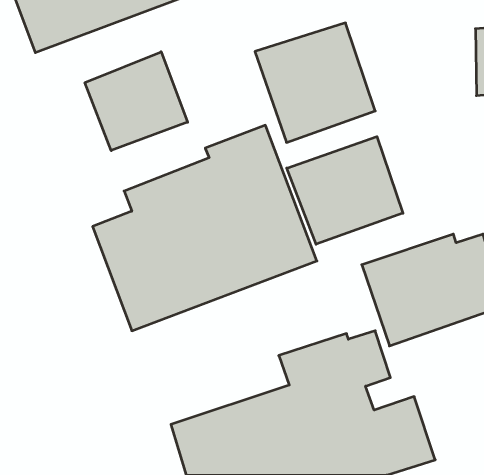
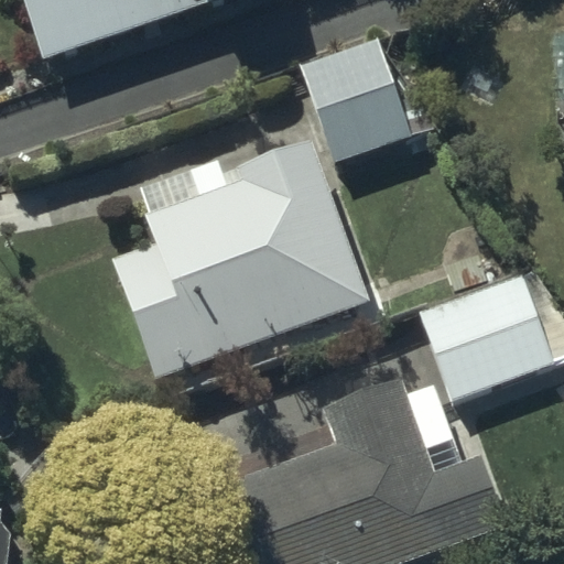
building: [85,52,188,151] -> none
building: [287,137,403,244] -> none

